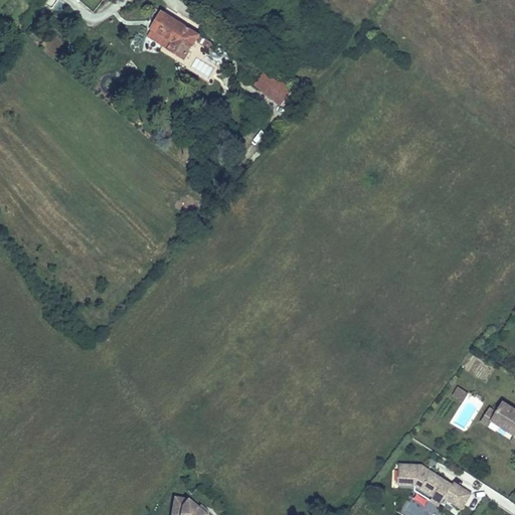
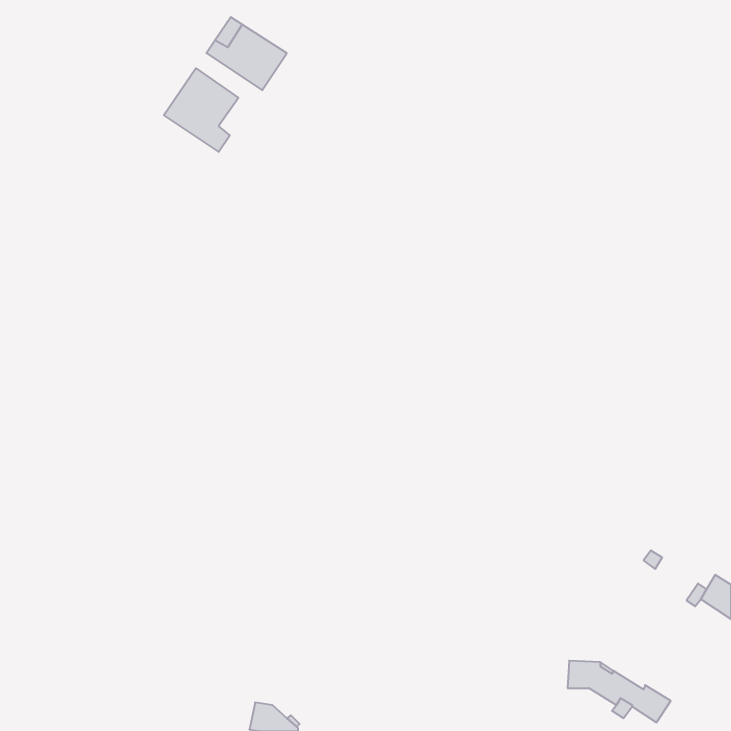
building: none -> [164,68,238,152]
building: [252,70,292,108] -> none

